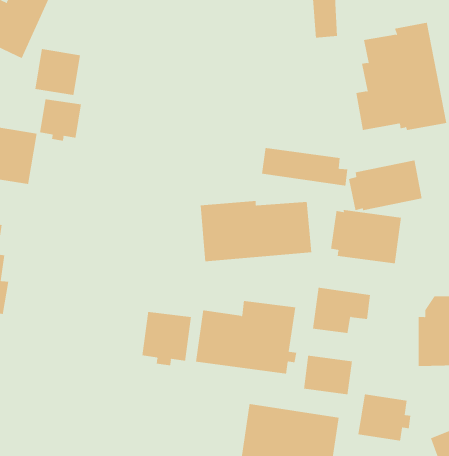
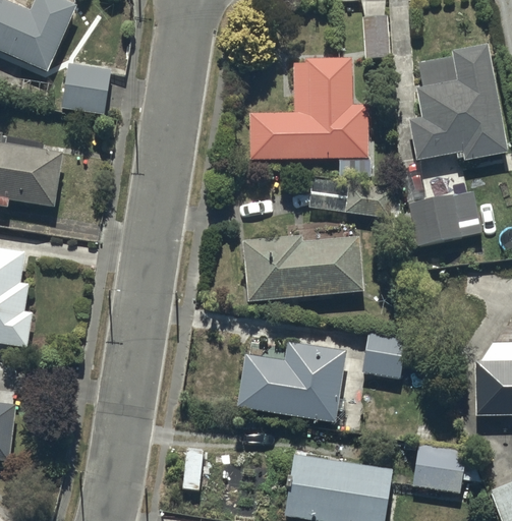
building: none -> [248,57,369,177]
building: [40,98,81,142] -> none
building: [331,209,401,264] -> none
building: [142,311,191,366] -> none
building: [303,355,352,395] -> none

